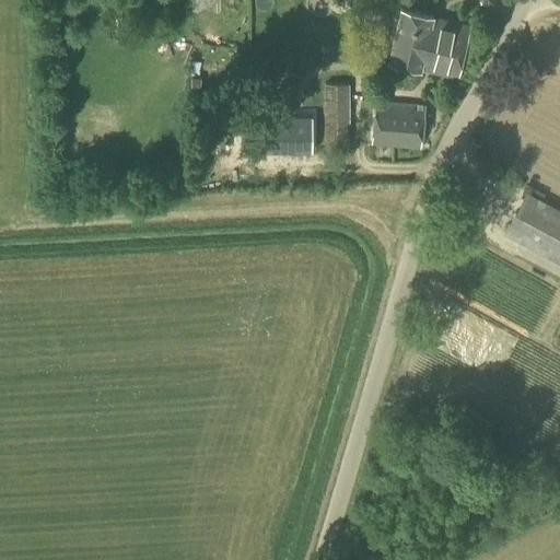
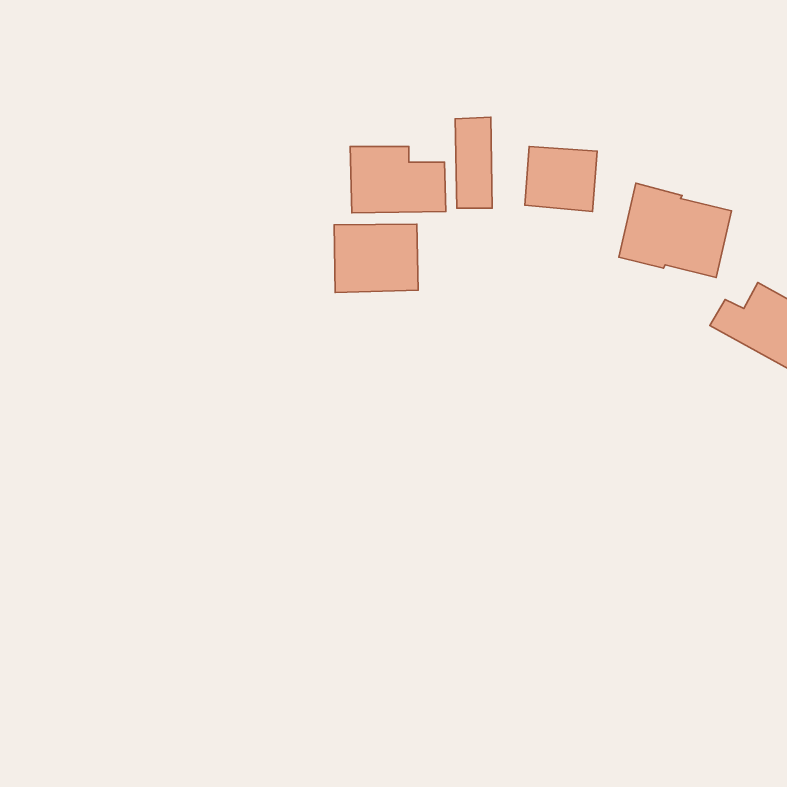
building: [389,11,469,78] -> [619,183,732,277]
building: none -> [334,224,418,292]

